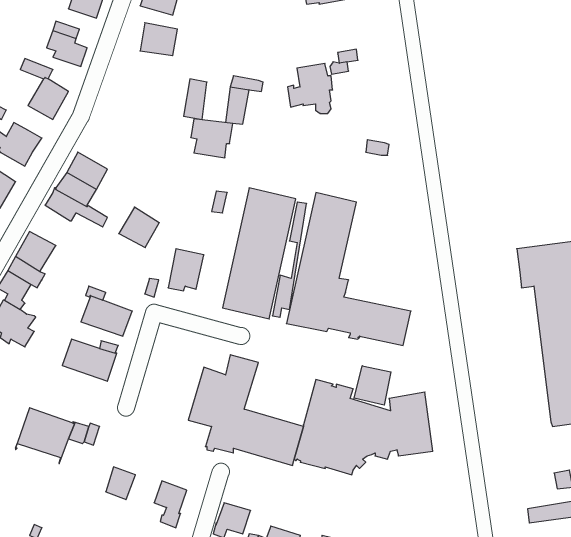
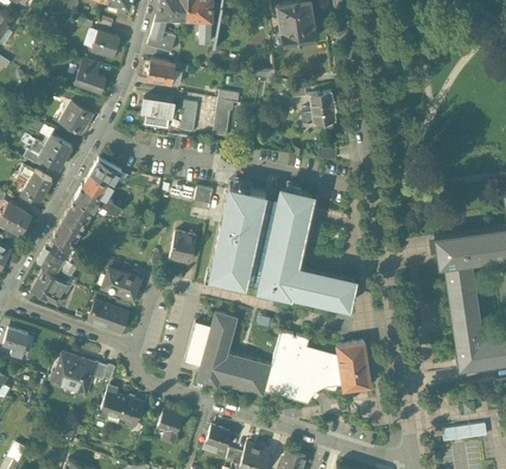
building: [288,63,333,113] -> [302,91,336,129]
building: [191,119,233,158] -> [143,100,175,129]
building: [119,207,159,248] -> [63,199,94,230]
building: [354,366,391,405] -> none
building: none -> [99,387,127,422]

